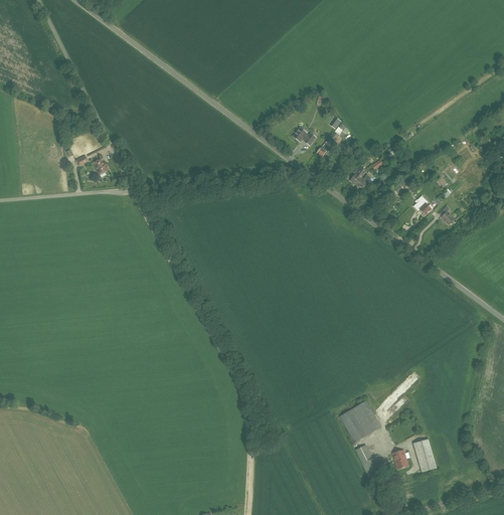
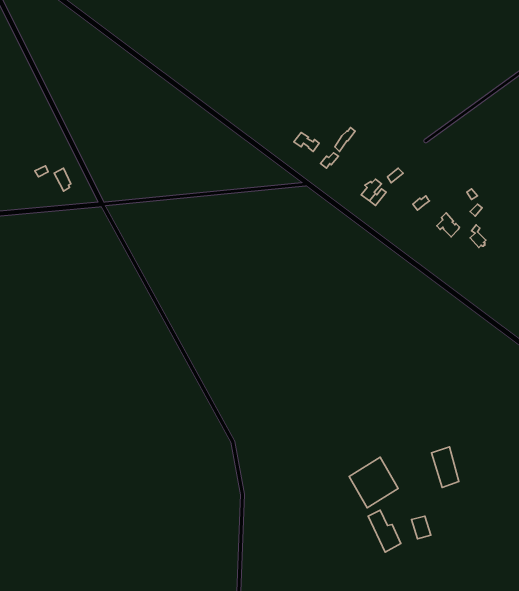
building: [412,438,436,472] -> [431,447,459,488]

